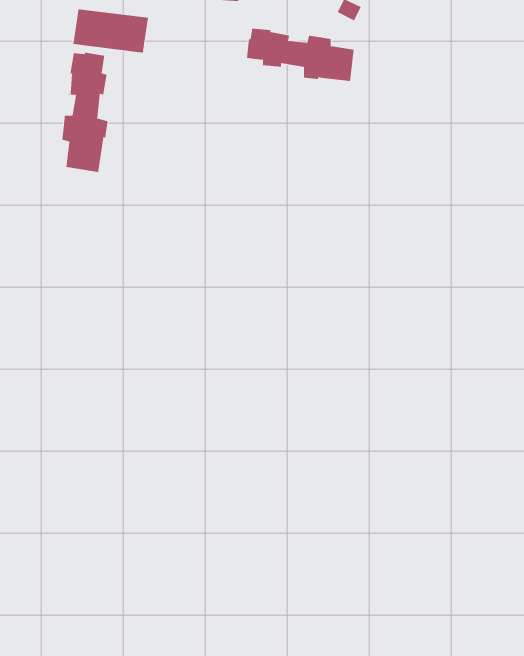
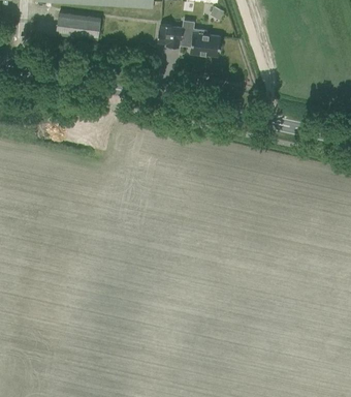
building: [62,52,108,173] -> none

